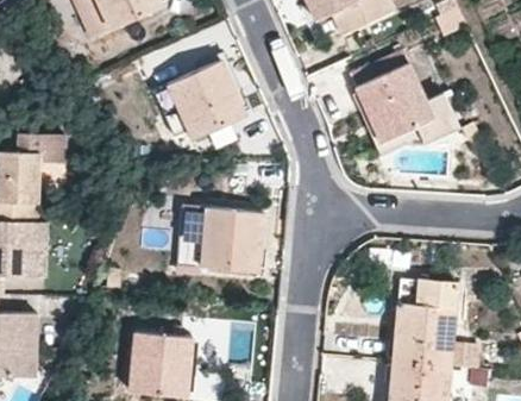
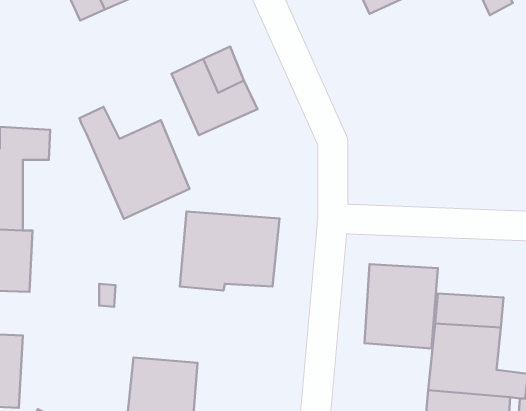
building: [356,63,459,144] -> none
building: none -> [79,107,189,219]
building: none -> [364,264,438,349]

